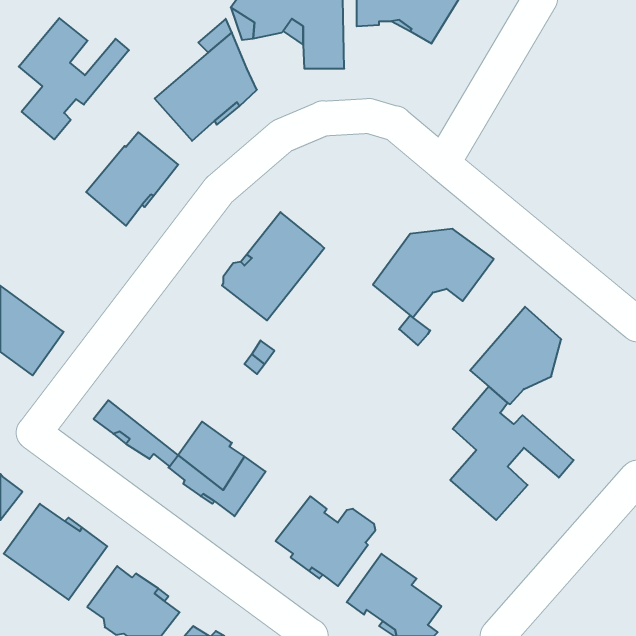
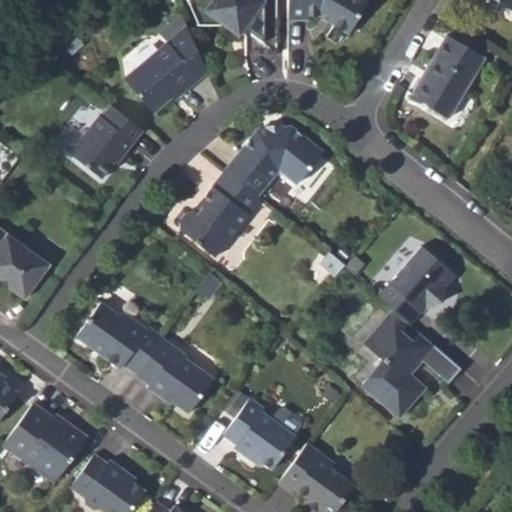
building: [19,18,129,139] -> none
building: none -> [413,30,489,112]
building: [373,229,494,317] -> [226,125,323,196]
building: none -> [88,302,163,365]

